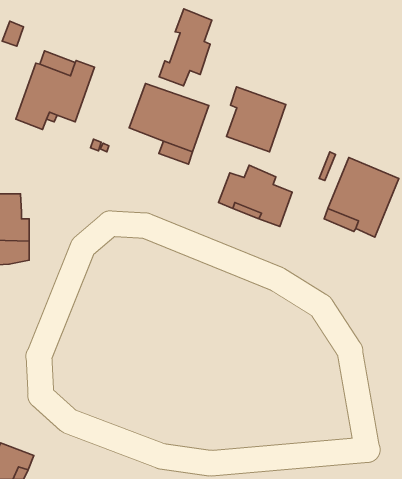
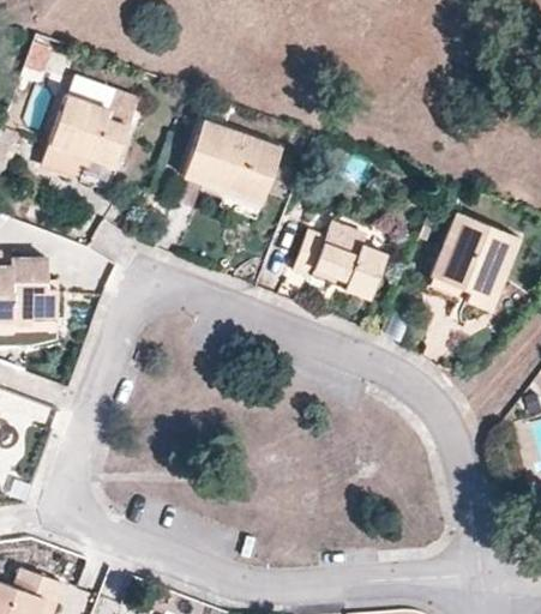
building: [159,9,212,86] -> none
building: [226,87,286,152] -> none

